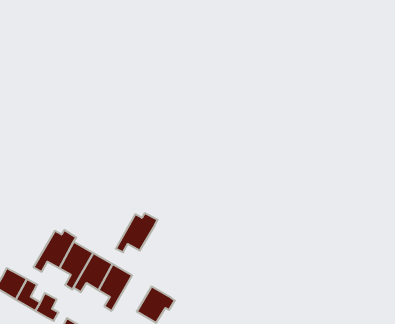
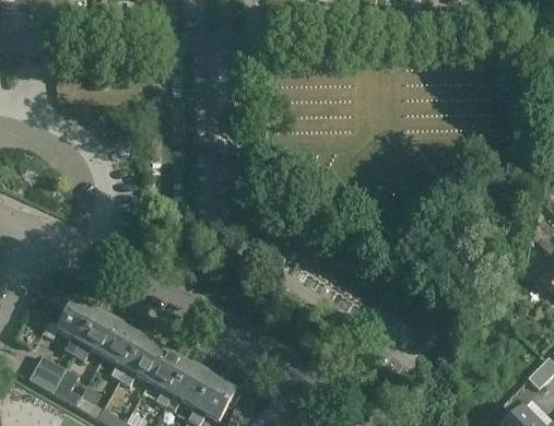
building: [116,213,158,252] -> [167,364,216,410]
building: none -> [58,299,99,355]

